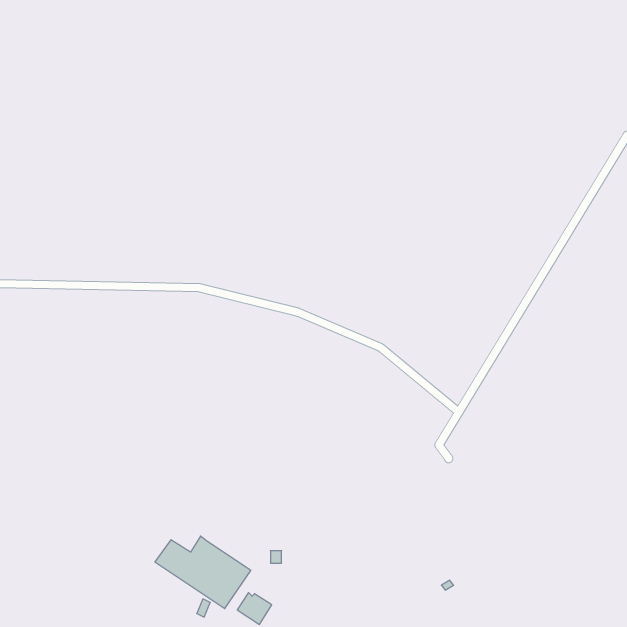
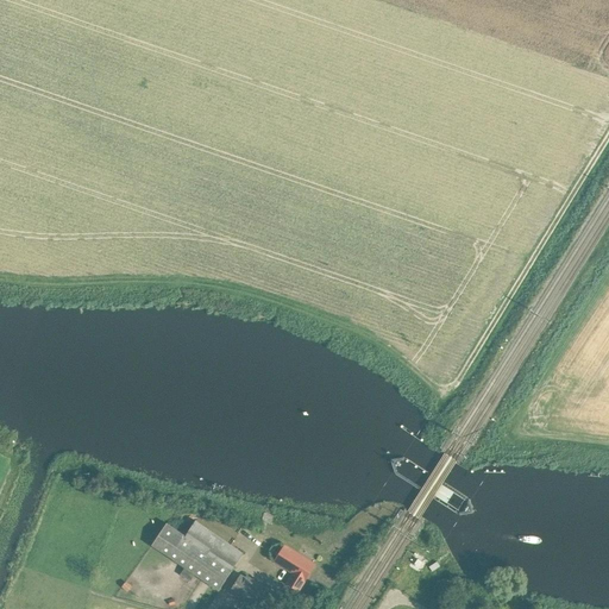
building: none -> [274,542,318,590]

